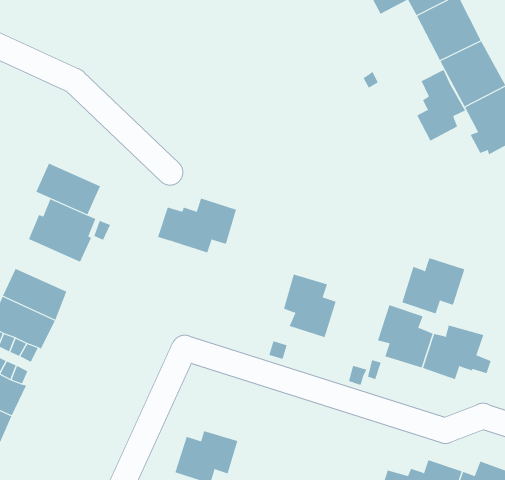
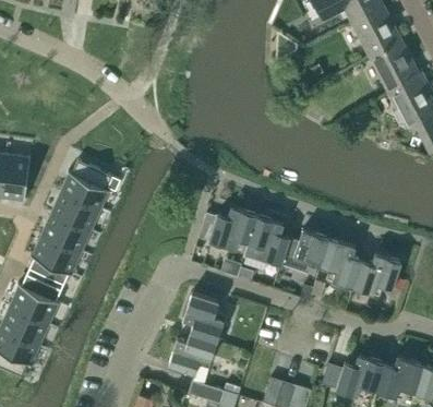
building: [416,69,466,142] -> none
building: [36,163,101,215] -> [49,190,98,229]
building: [157,198,237,253] -> [199,207,258,249]
building: [401,258,465,314] -> [282,230,330,273]
building: none -> [184,294,227,342]

